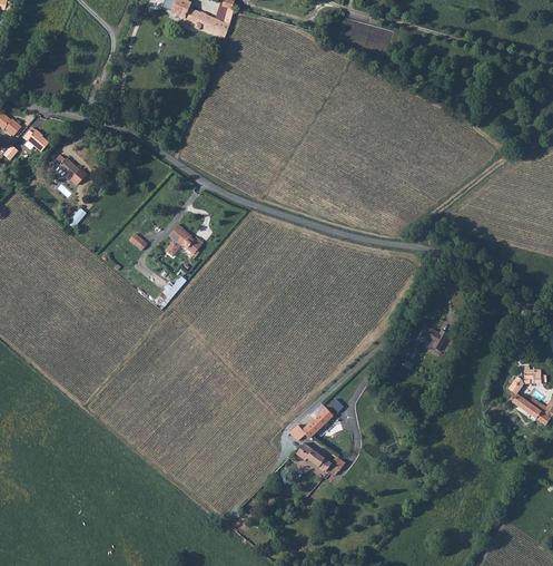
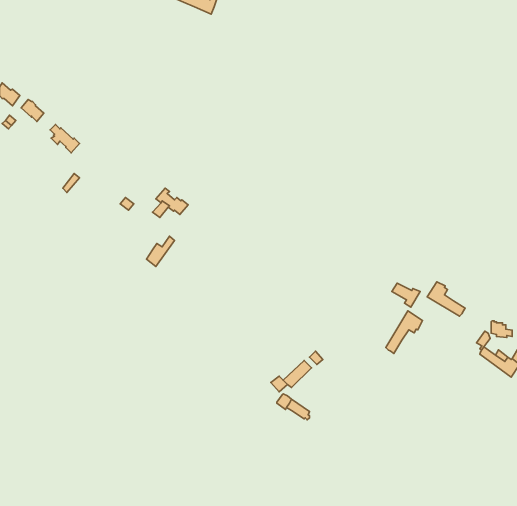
building: none -> [427,282,465,316]
building: none -> [386,311,423,353]

